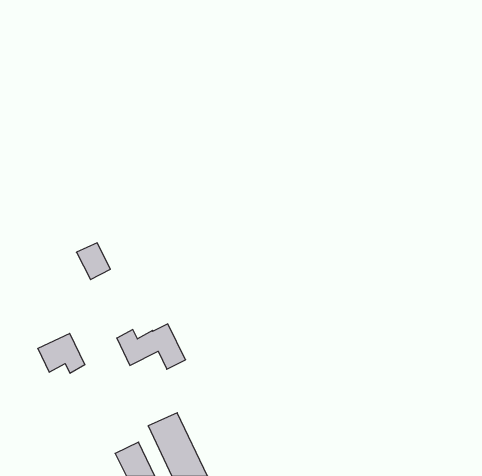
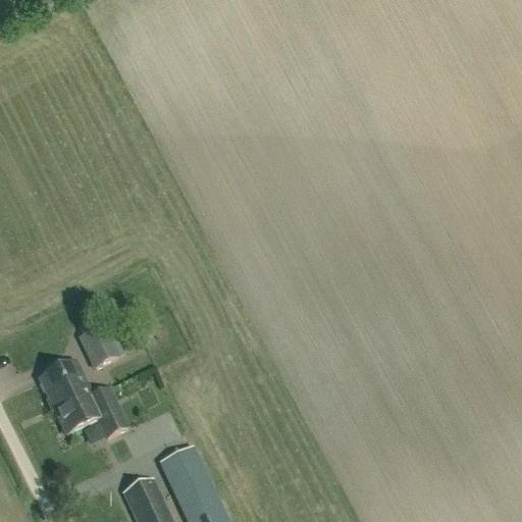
building: [76,243,110,280] -> [81,325,117,365]
building: [117,324,186,369] -> [53,386,127,435]

